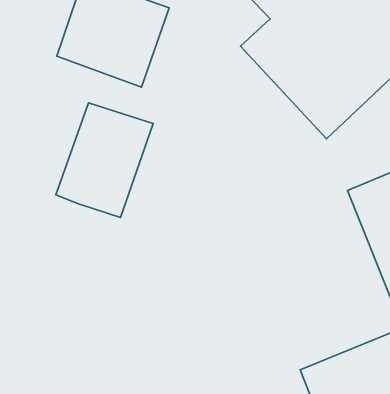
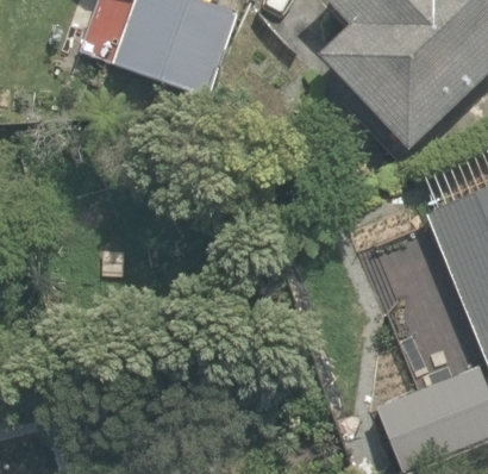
building: [56,103,153,217] -> none

